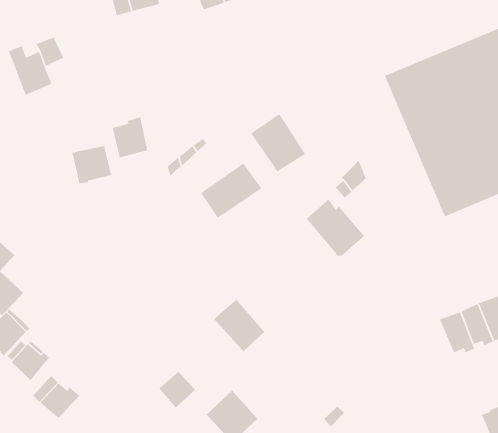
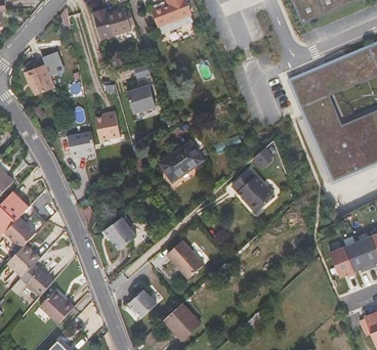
building: none -> [126,81,155,112]
building: [250,113,306,173] -> none
building: none -> [104,216,136,249]

